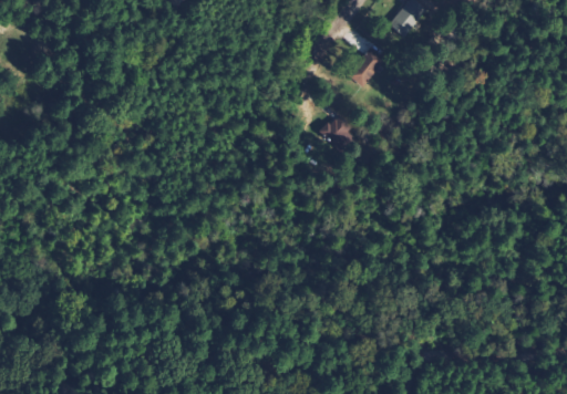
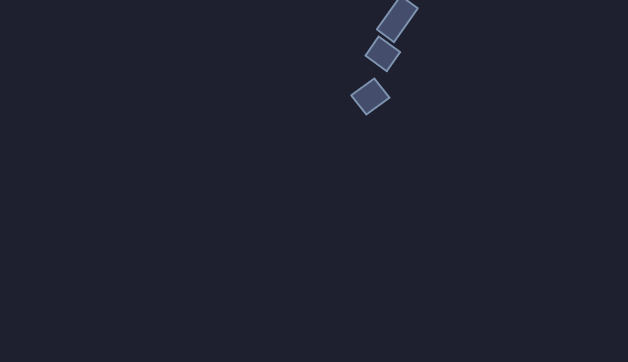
building: none -> [365,36,400,71]

